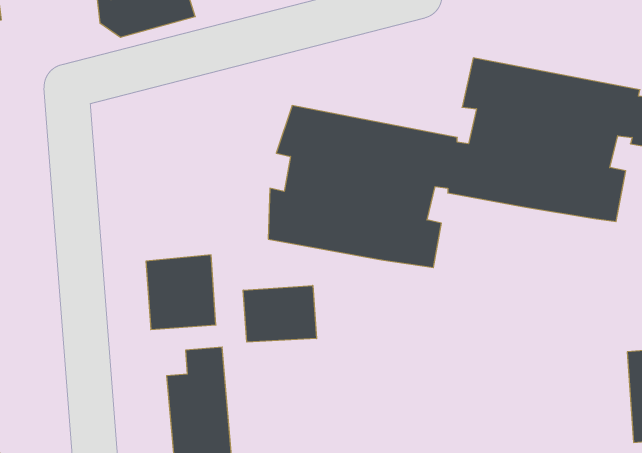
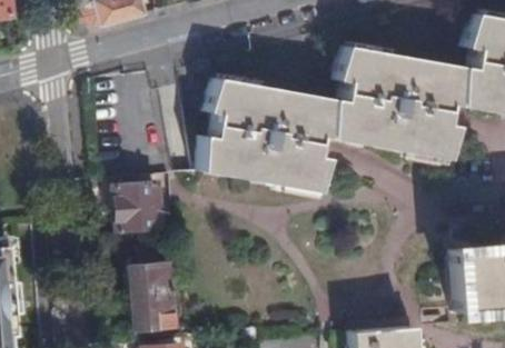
building: [243,285,317,342] -> none

